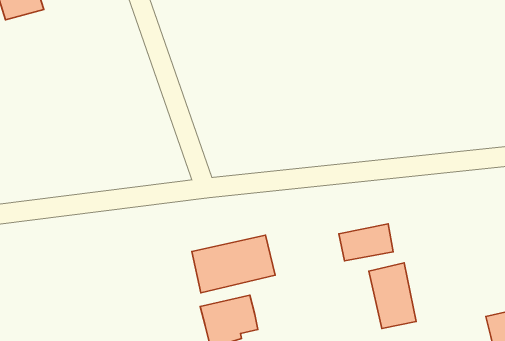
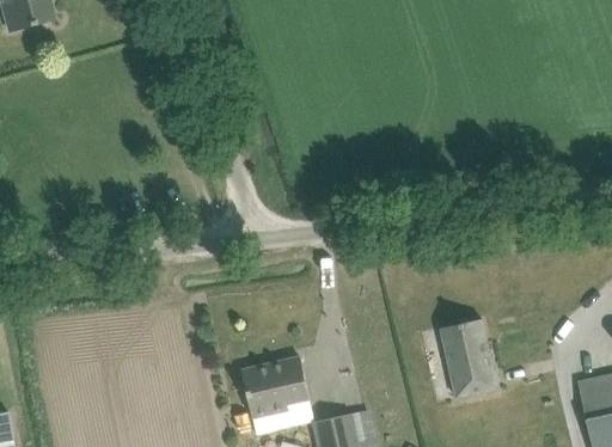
building: [339,224,393,261] -> none
building: [192,235,275,293] -> none

